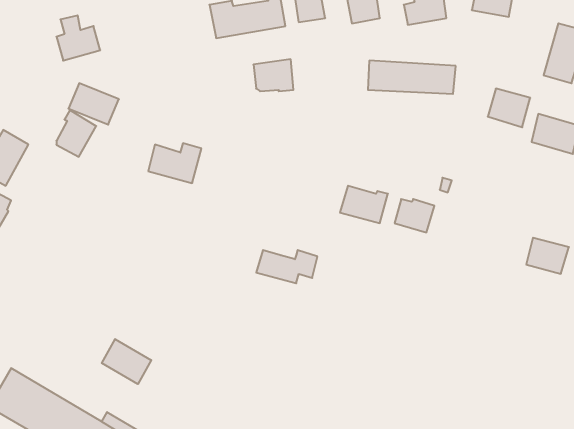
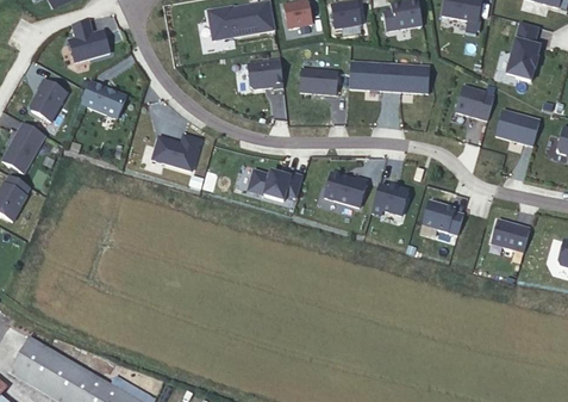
building: none -> [299,68,336,93]
building: [56,110,96,157] -> [33,78,69,119]
building: none -> [422,202,463,235]
building: [256,250,317,283] -> [248,171,302,200]
building: [102,339,151,384] -> none

